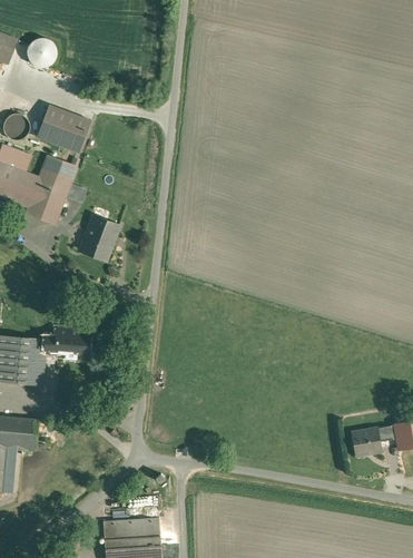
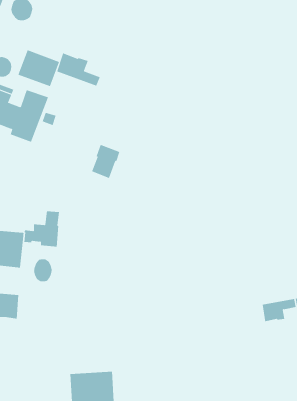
building: none -> [57,52,100,86]
building: [79,216,118,261] -> [90,144,120,179]
building: none -> [34,258,52,282]

